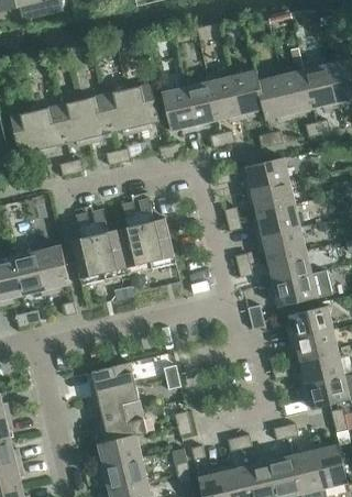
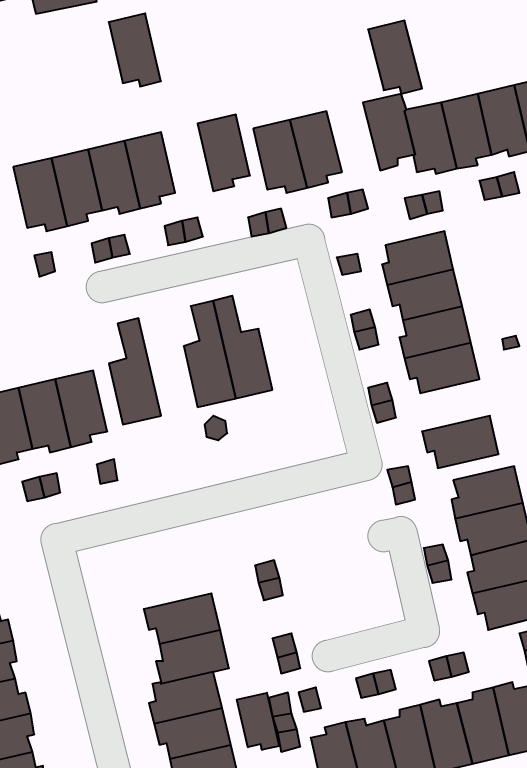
building: [208,75,242,121] -> [368,21,422,94]
building: [103,88,136,134] -> [109,13,161,87]
building: [89,208,127,273] -> none
building: [265,250,311,283] -> none
building: [89,362,135,395] -> none
building: none -> [237,693,279,750]

